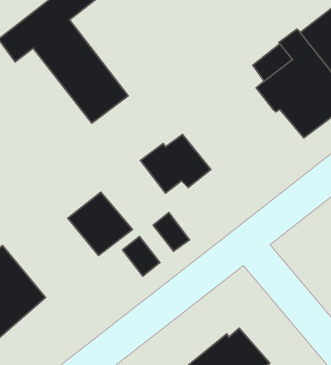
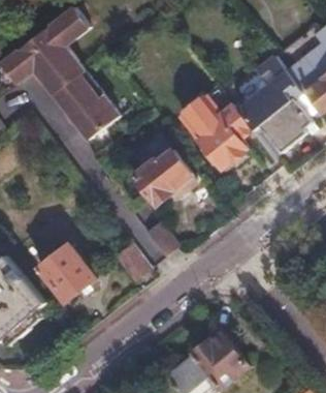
building: none -> [180,98,251,170]
building: [68,192,132,256] -> [36,244,95,302]

